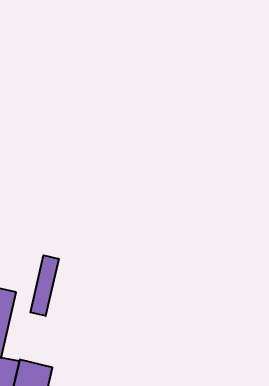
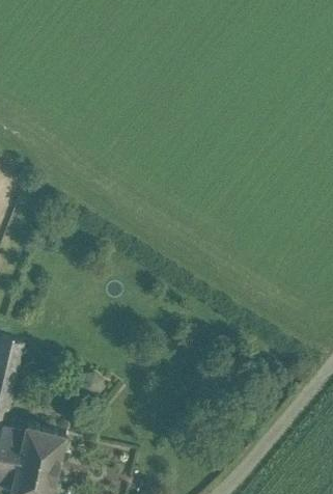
building: [30,255,59,316] -> none

